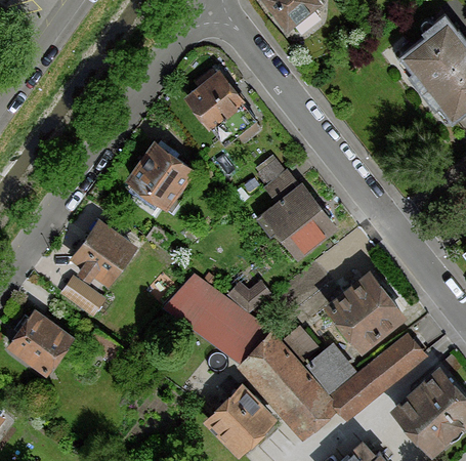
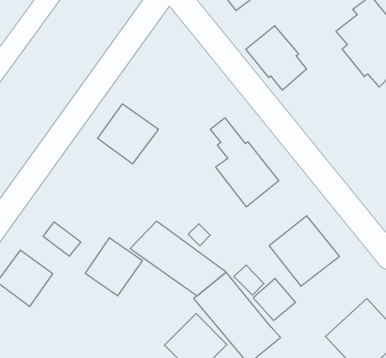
building: [184,71,255,145] -> [246,26,307,90]
building: [70,219,136,287] -> [85,238,142,296]
building: [327,333,425,422] -> none

